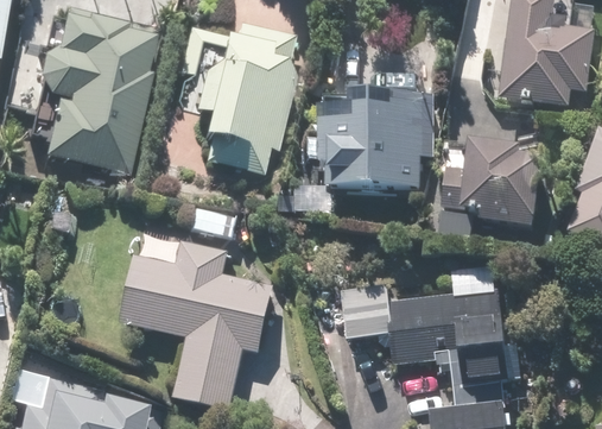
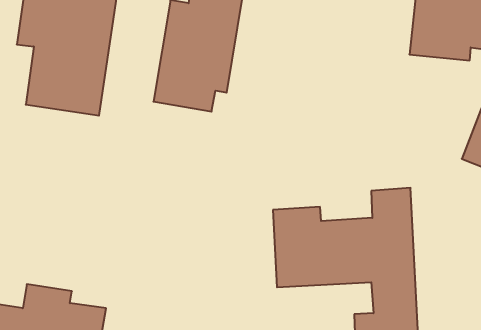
building: [319,90,429,188] -> none
building: [444,145,540,229] -> none
building: [122,239,274,408] -> none

